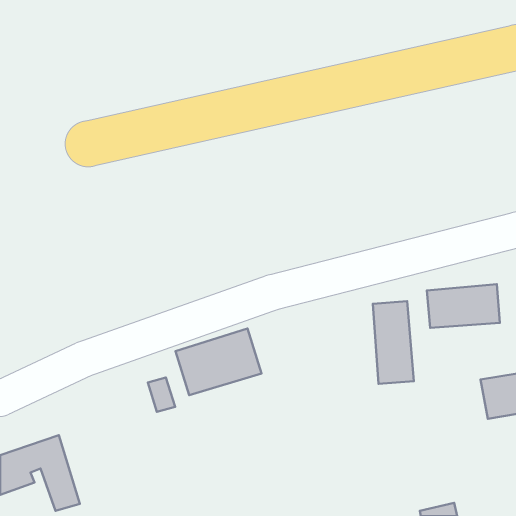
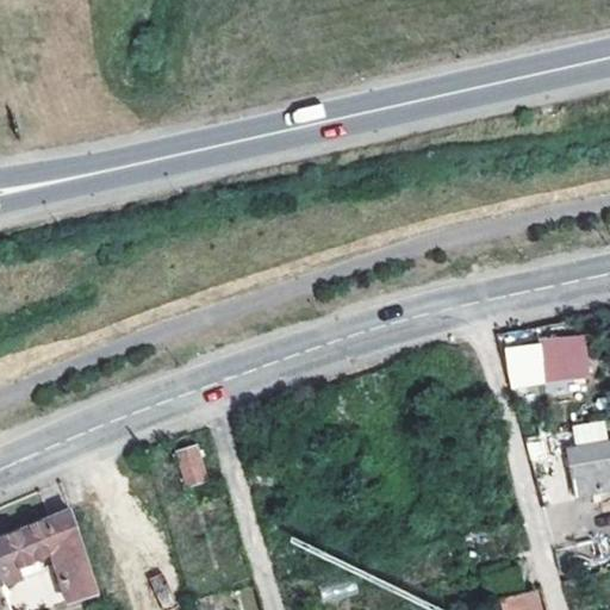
building: [373,301,414,384] -> none
building: [176,328,261,395] -> none

